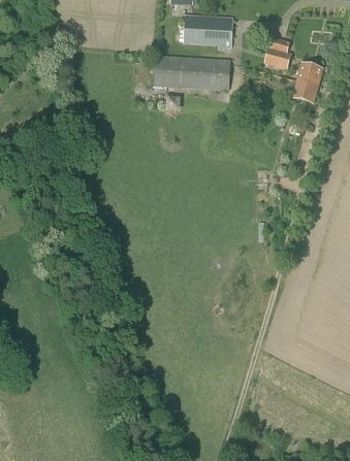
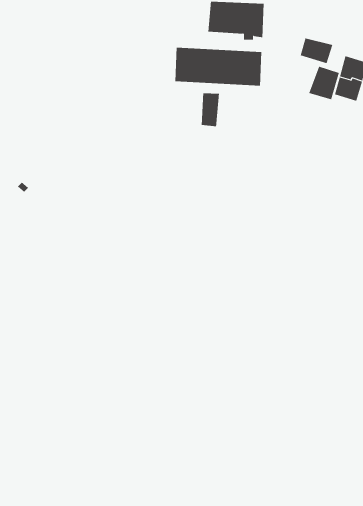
building: none -> [309,66,340,100]
building: none -> [201,93,220,127]

